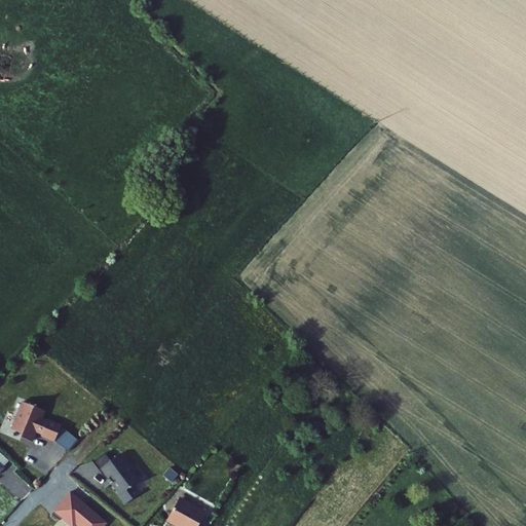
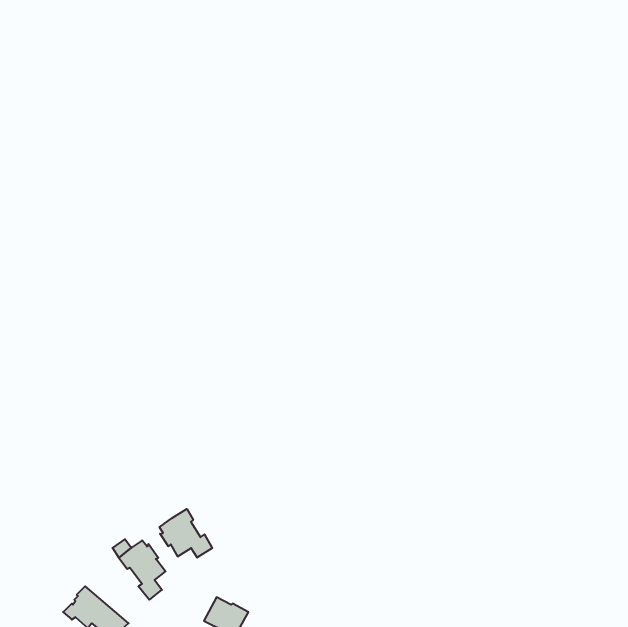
building: [12,402,61,442] -> none
building: none -> [160,509,212,558]

